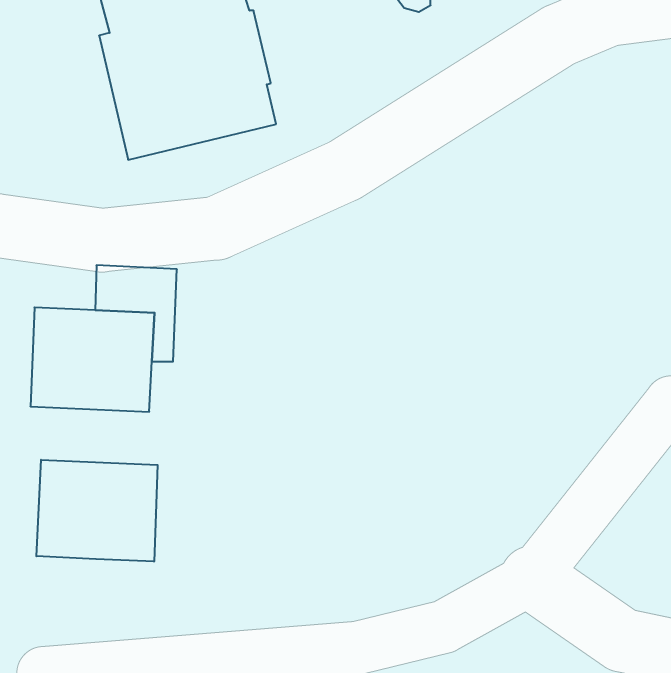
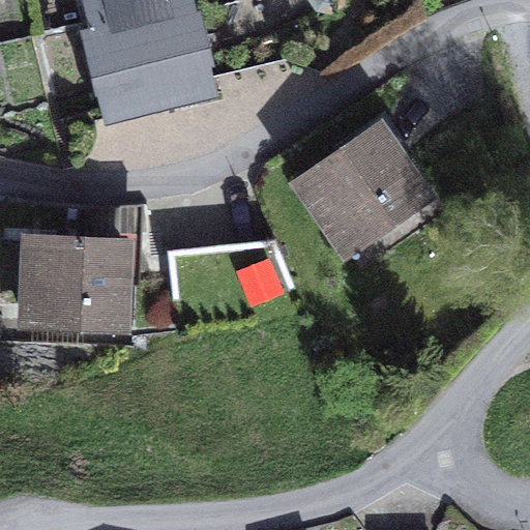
building: none -> [298,130,421,248]
building: [36,460,158,562] -> none

